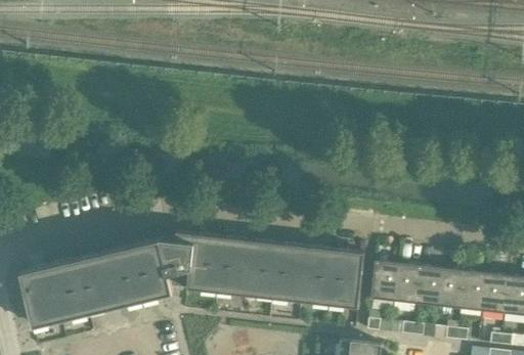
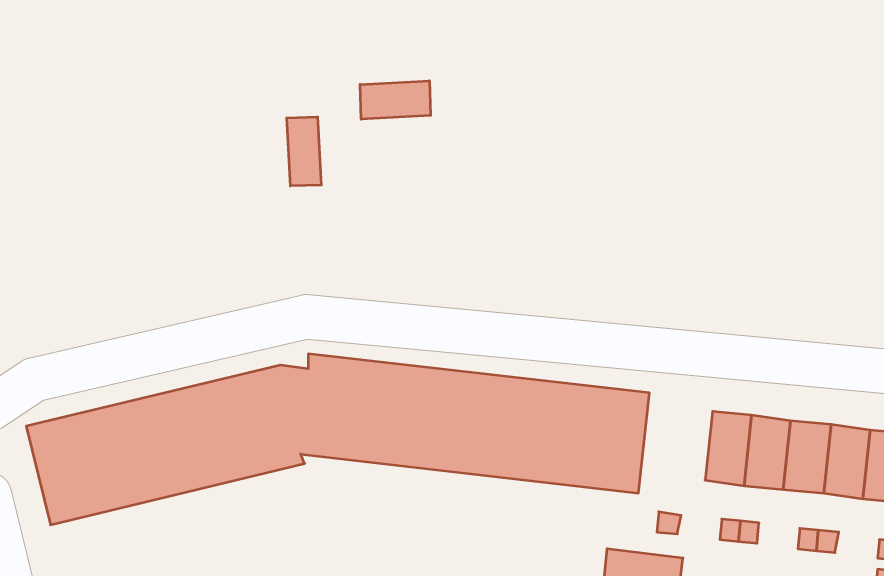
building: none -> [360,81,431,119]
building: none -> [287,117,321,186]
building: [370,260,398,301] -> none

